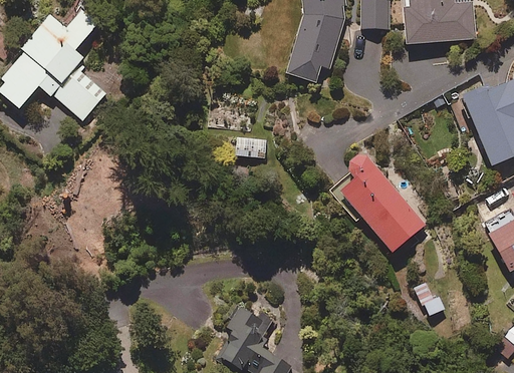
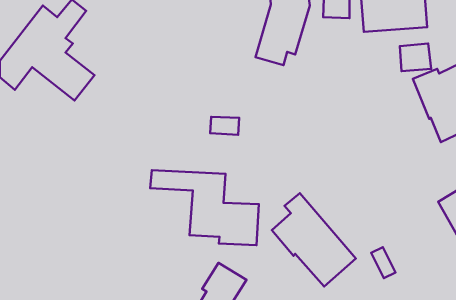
building: none -> [400,43,431,71]
building: [332,151,426,255] -> [272,193,356,286]
building: none -> [150,170,259,245]

